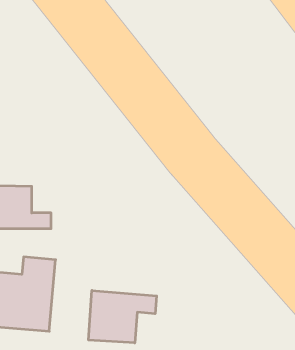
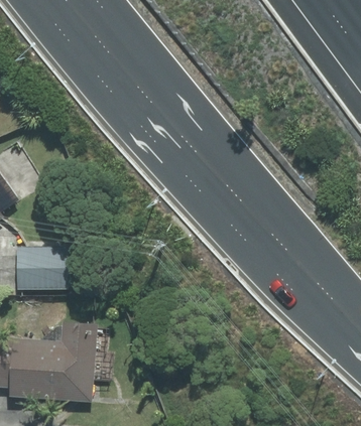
building: [89,290,157,343] -> none

